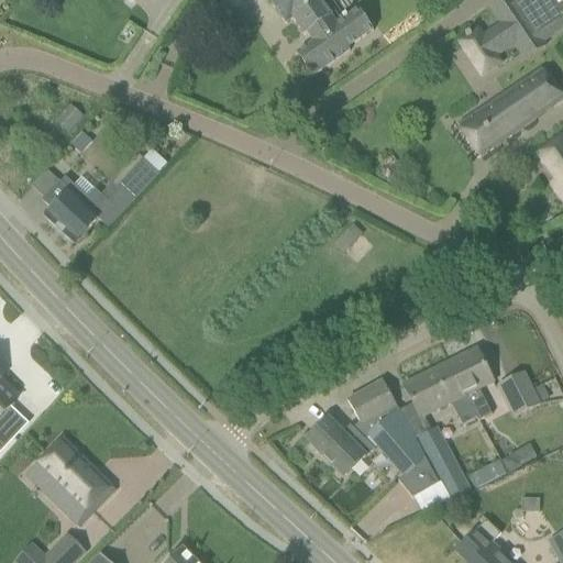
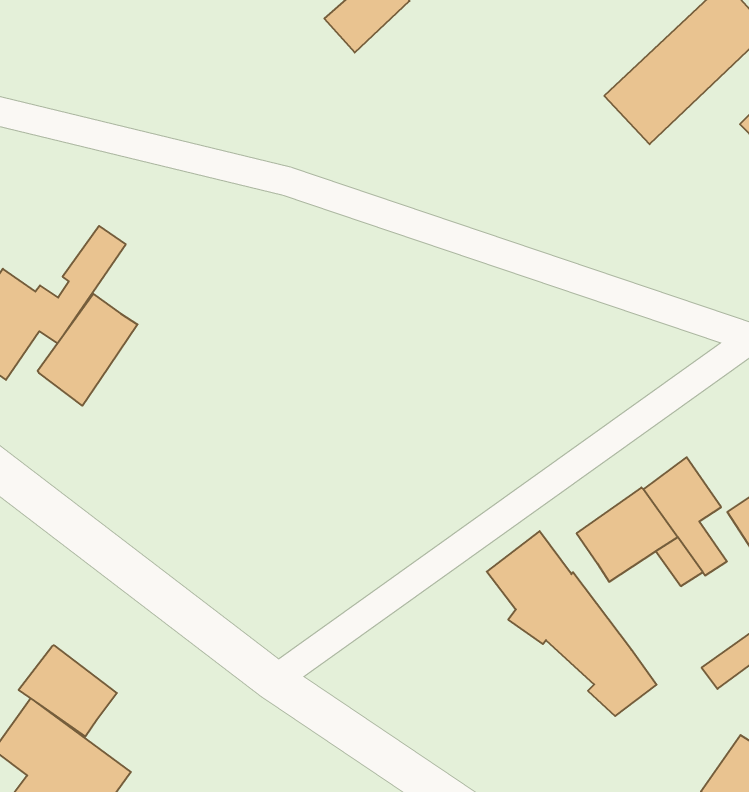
building: none -> [38,294,138,406]
building: none -> [19,645,117,737]
building: [307,416,375,476] -> none
building: [417,426,472,501] -> none

